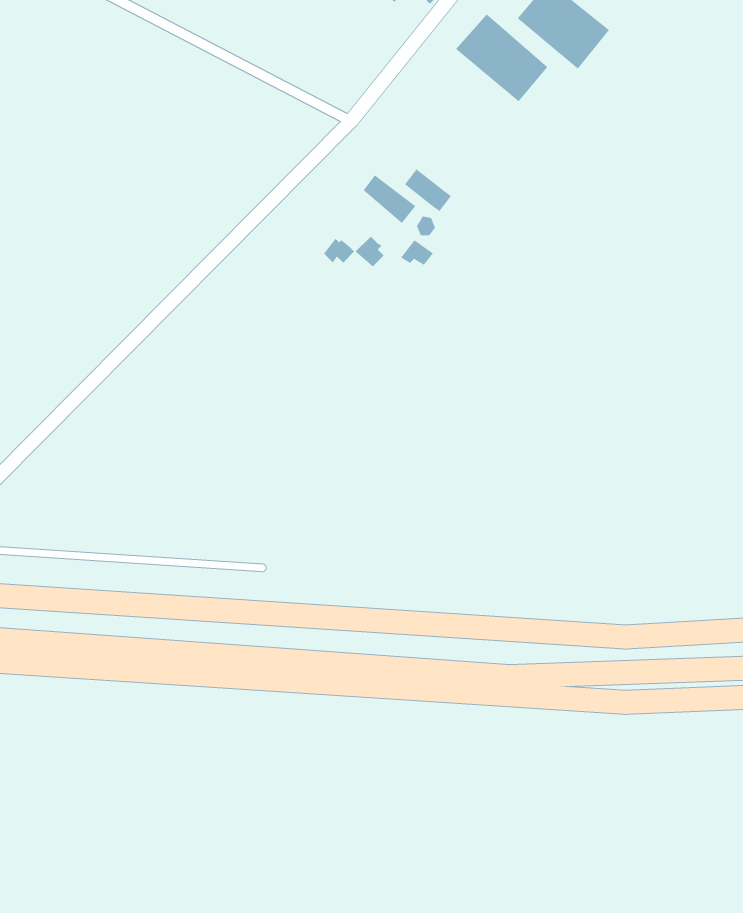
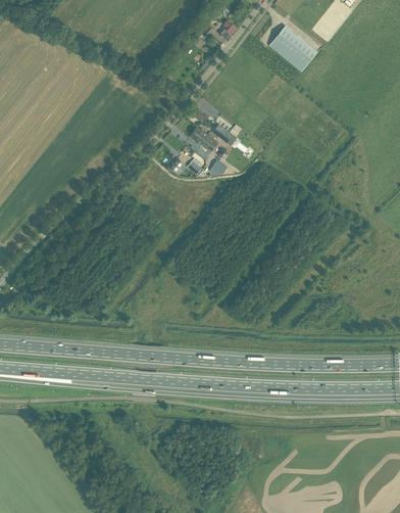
building: [455,13,548,102] -> none

